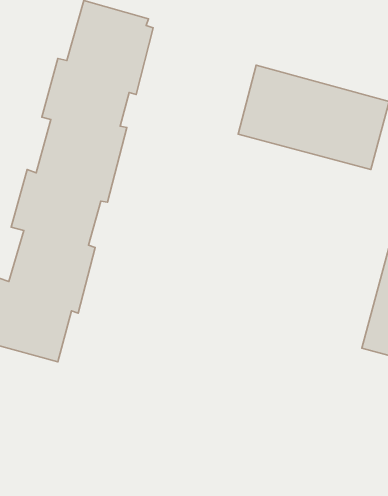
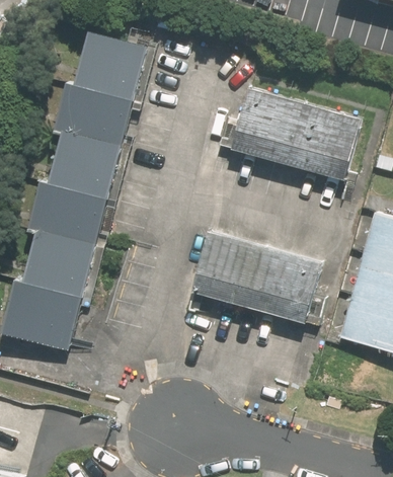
building: none -> [191,231,324,325]

